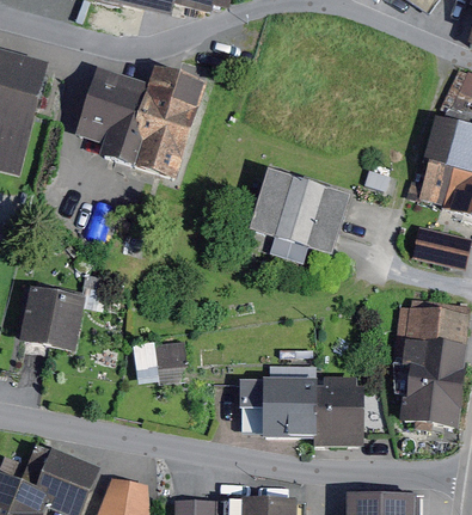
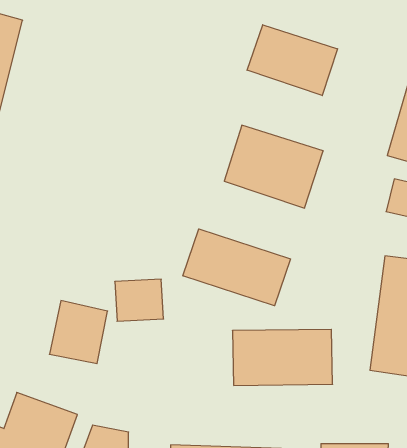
building: none -> [247,25,338,96]
building: [74,68,204,178] -> none
building: none -> [183,229,290,306]
building: [23,288,82,352] -> [49,301,108,364]

